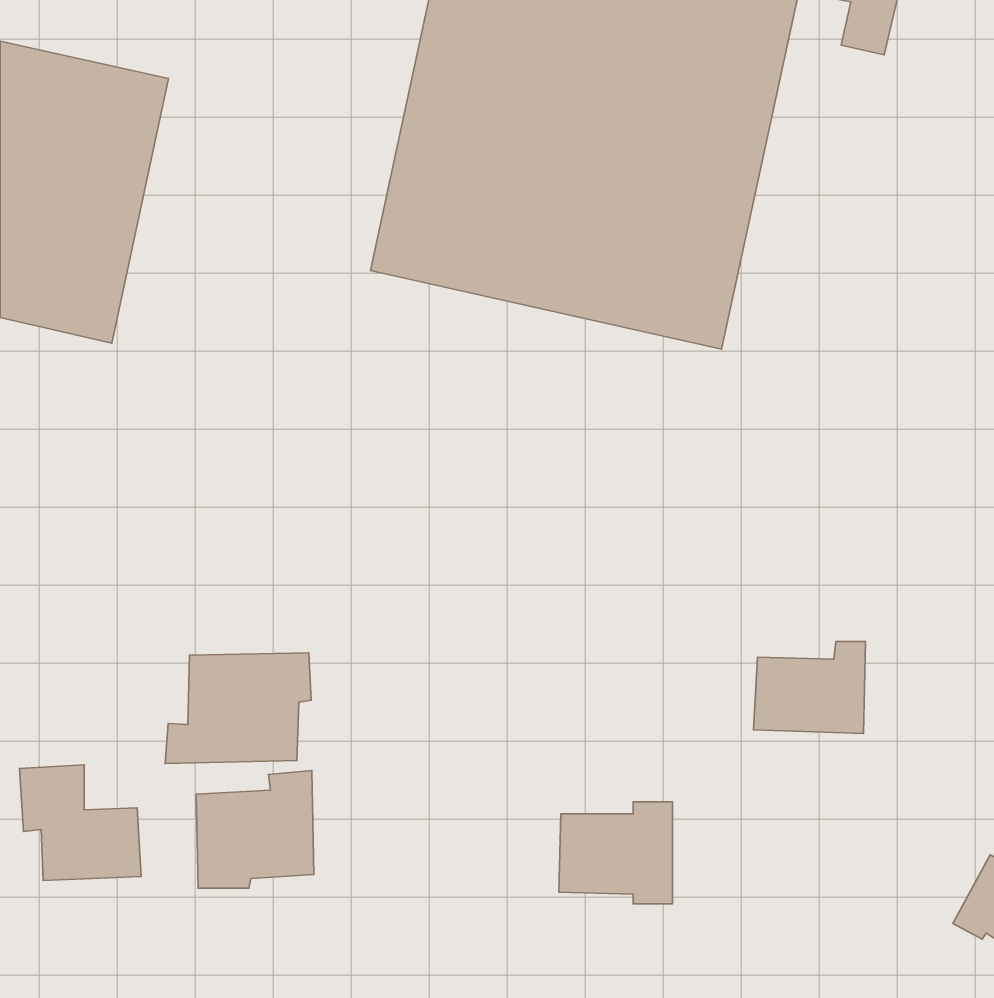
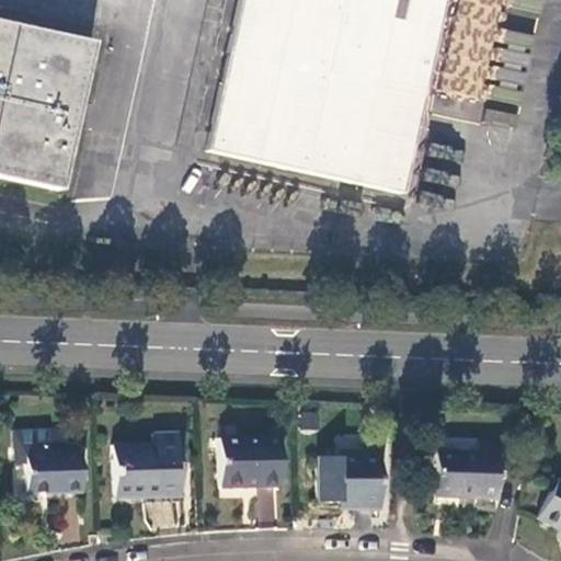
building: [754,641,865,734] -> [437,440,500,492]
building: [165,653,311,764] -> none
building: none -> [221,437,280,485]

